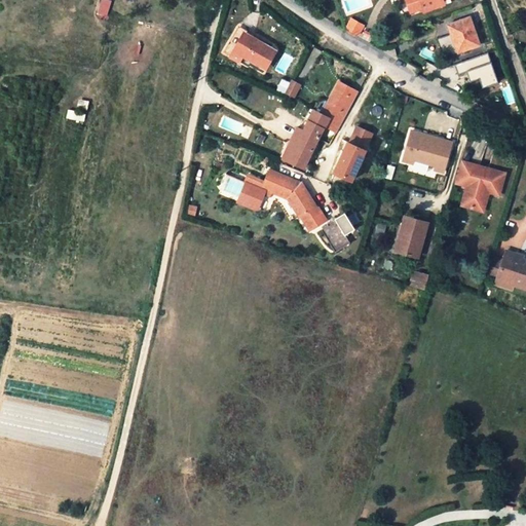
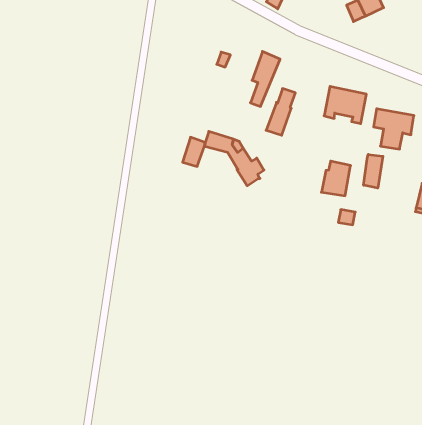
building: [222,31,273,72] -> none
building: [455,52,498,85] -> none
building: [281,112,329,170] -> none
building: none -> [364,154,383,188]
building: [321,214,352,251] -> none

